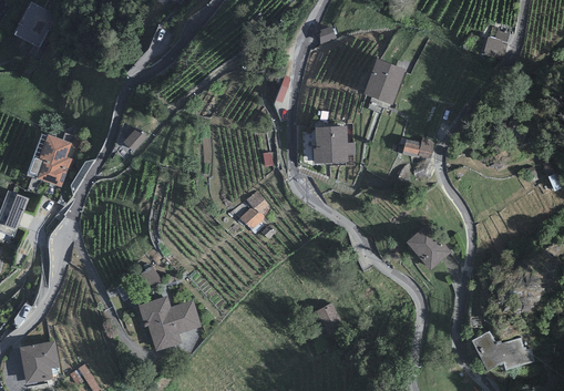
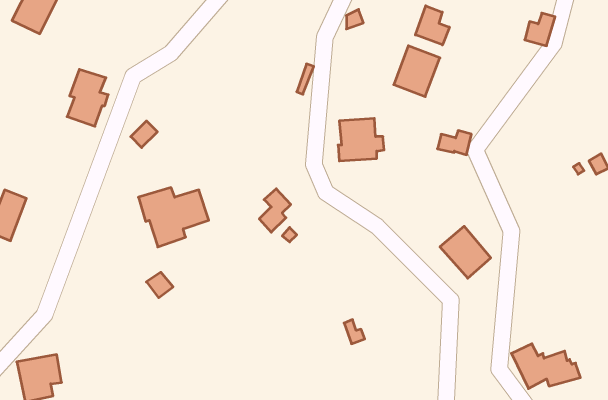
building: none -> [415,6,449,45]
building: [34,134,72,186] -> [67,69,108,126]
building: [136,296,201,350] -> [138,188,209,247]

